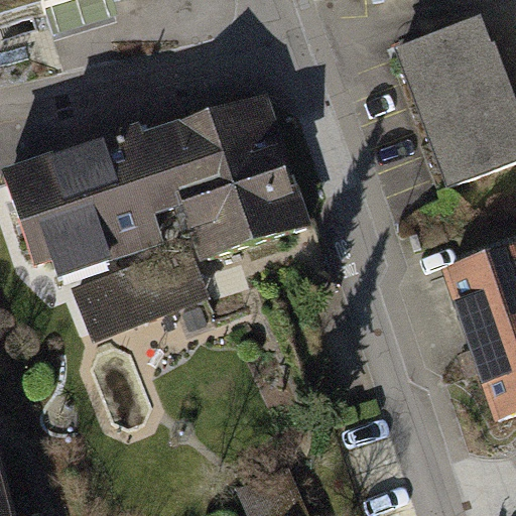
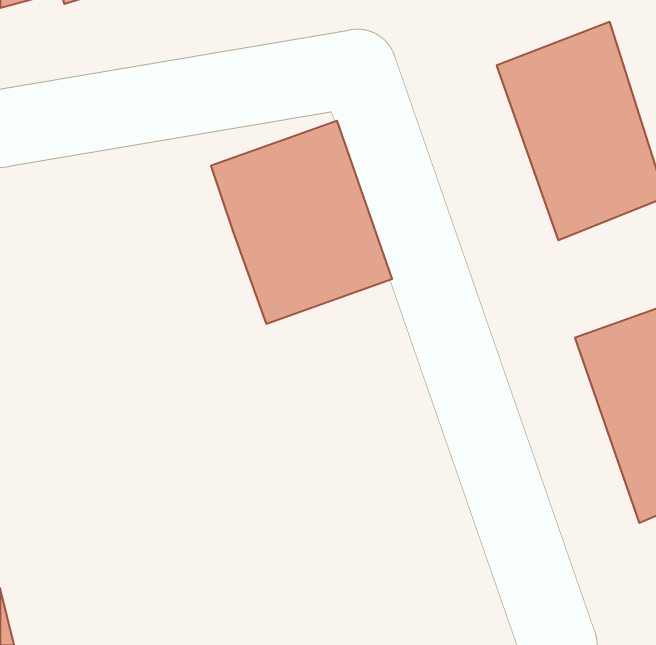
building: [9,130,183,259] -> none
building: [84,246,206,321] -> none

